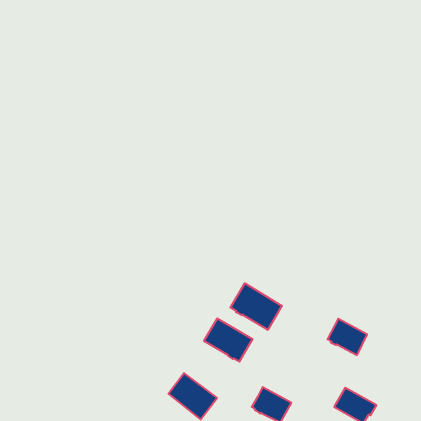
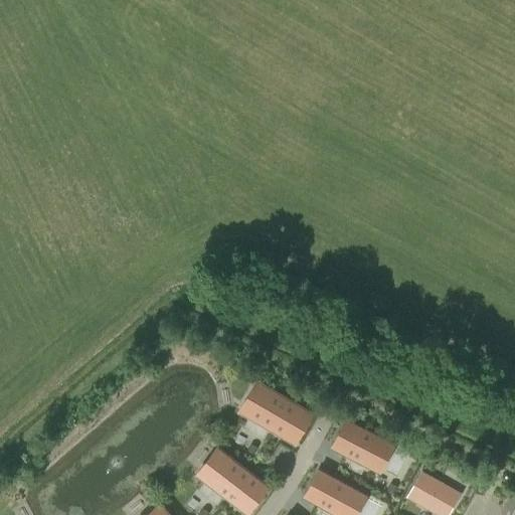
building: [230,283,282,330] -> none
building: [327,319,367,355] -> [335,422,383,467]

